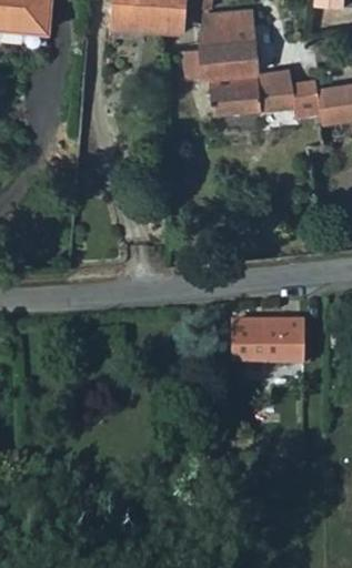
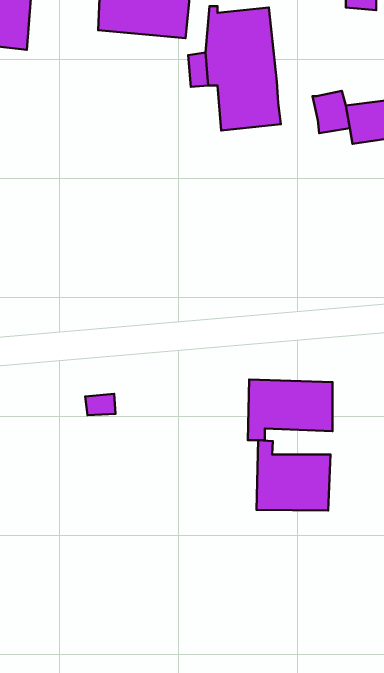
building: [259,68,293,106] -> none
building: none -> [257,440,330,510]

